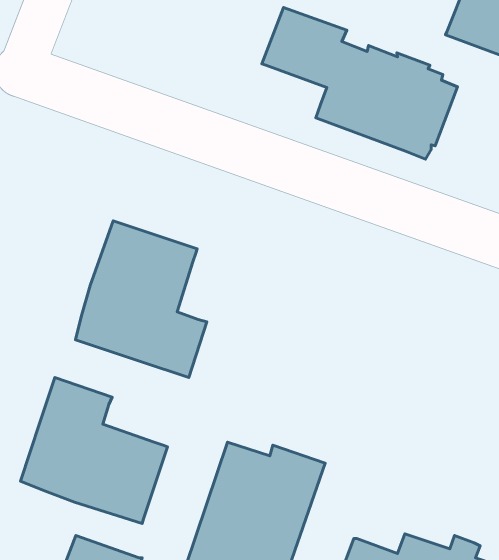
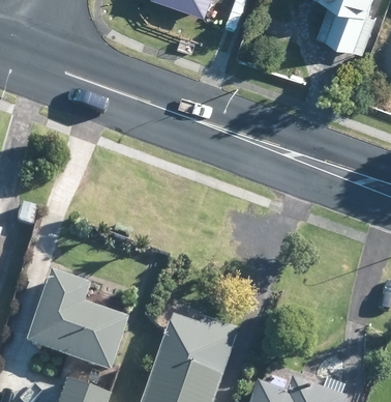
building: [262,8,457,159] -> none
building: [75,221,207,378] -> none

